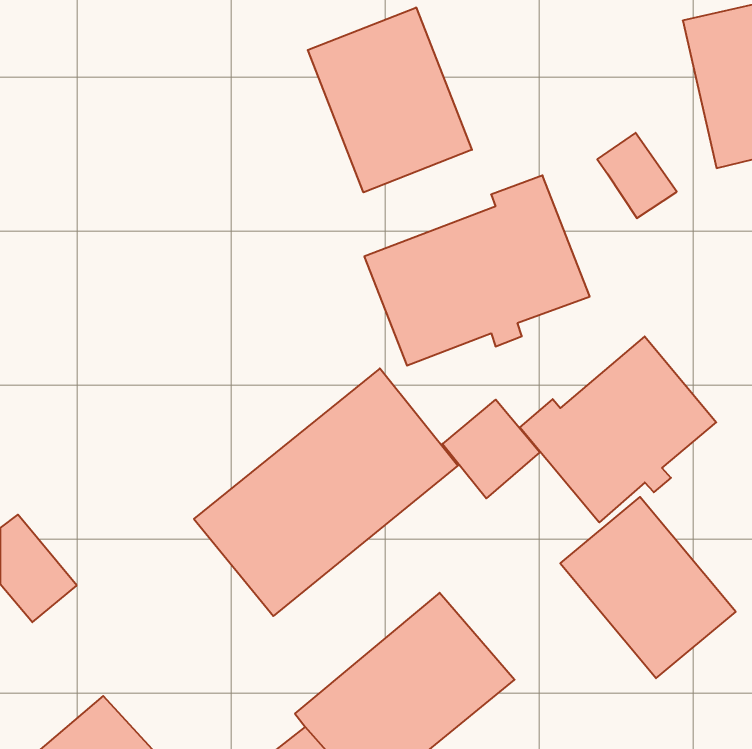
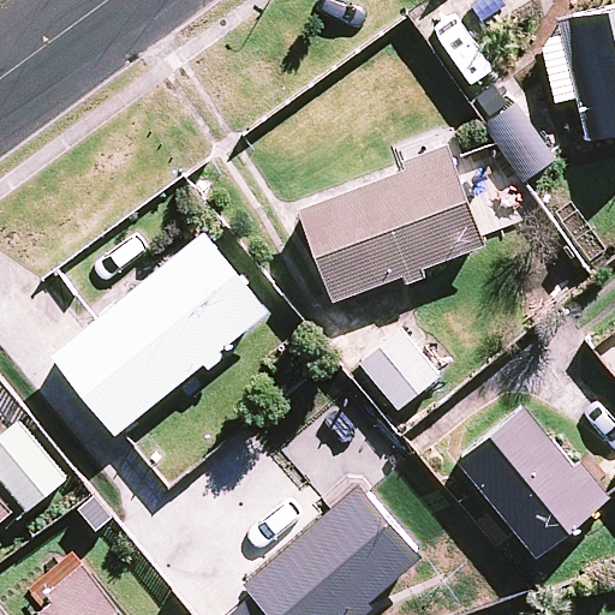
building: [308,7,472,192] -> none
building: [520,336,716,522] -> none
building: [194,368,458,616] -> [50,232,265,434]

